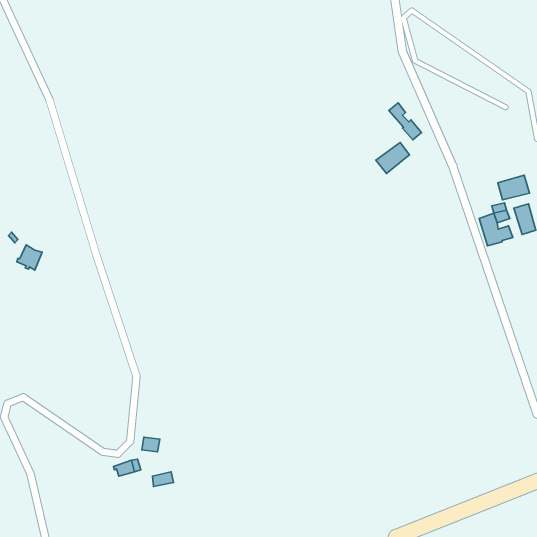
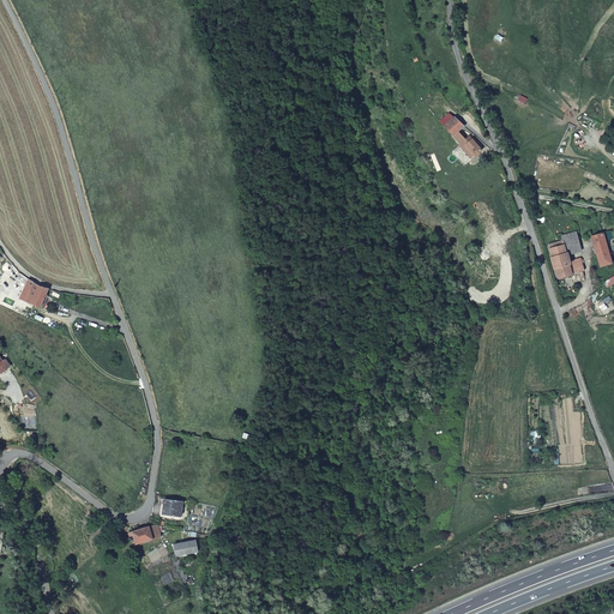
building: [376,142,410,173] -> none
building: [498,175,529,200] -> none

